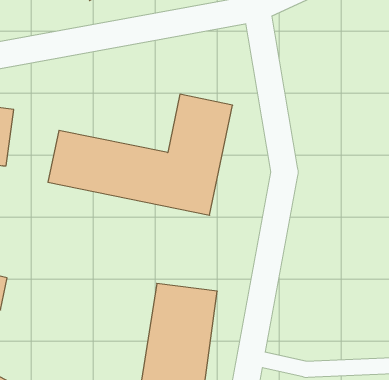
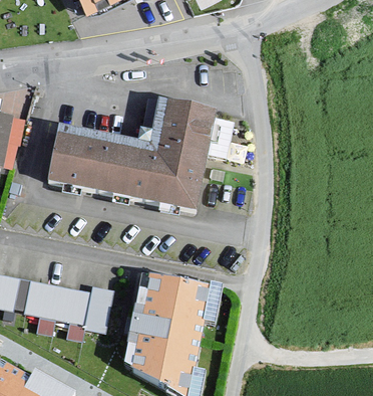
building: none -> [16,272,105,326]

